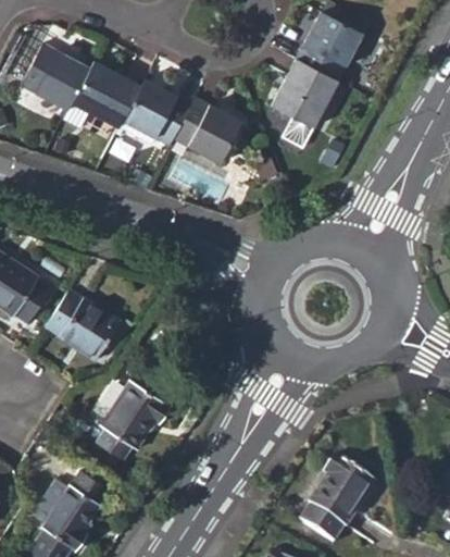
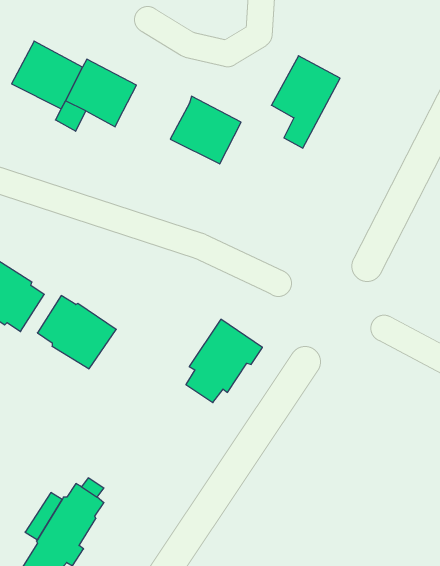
building: [297,11,361,79] -> none
building: [123,78,191,145] -> none
building: [97,380,171,460] -> [186,319,262,403]
building: [298,455,376,543] -> none

